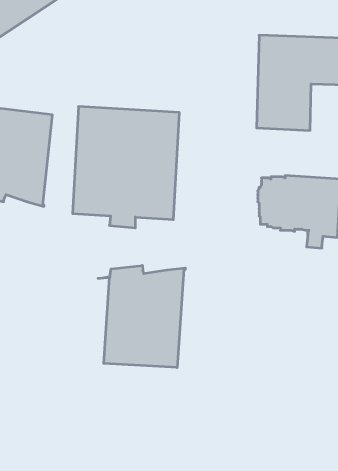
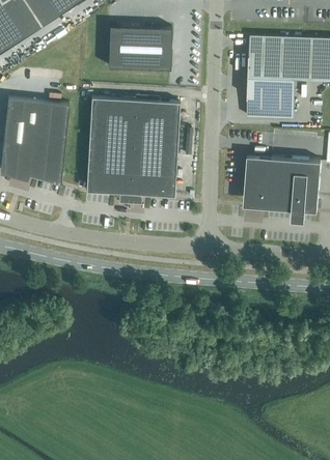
building: none -> [108,25,171,69]
building: [98,265,185,368] -> none

